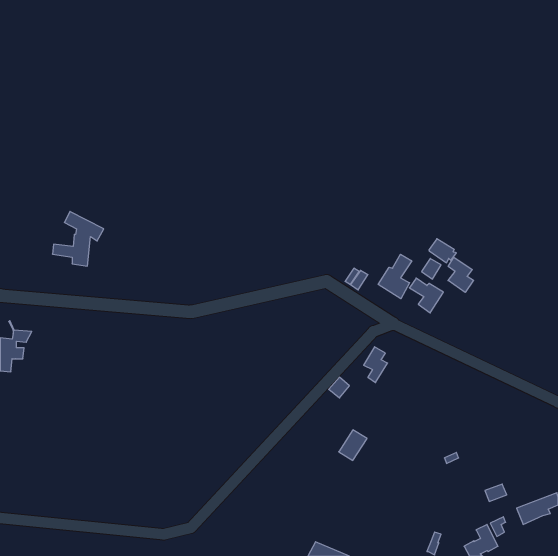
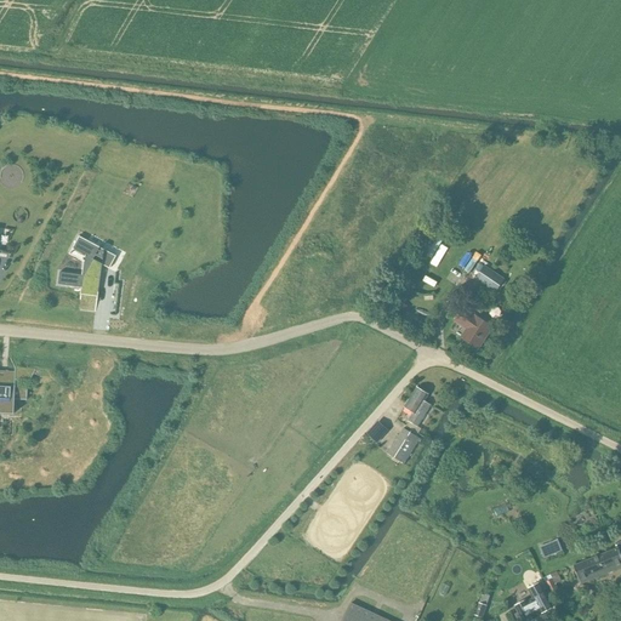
building: [378,254,412,299] -> none
building: [448,257,474,292] -> none
building: [339,430,367,460] -> [388,428,420,462]

